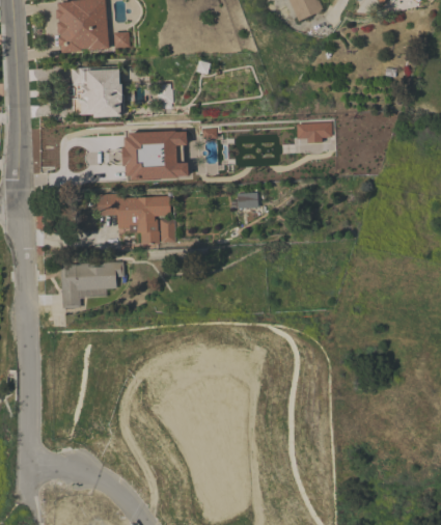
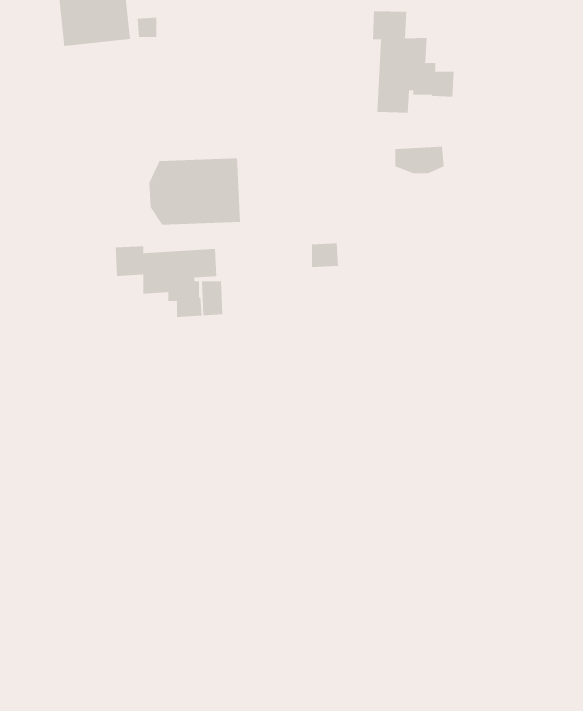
building: none -> [372,10,454,113]
building: [71,65,128,116] -> none
building: [60,261,123,307] -> none

